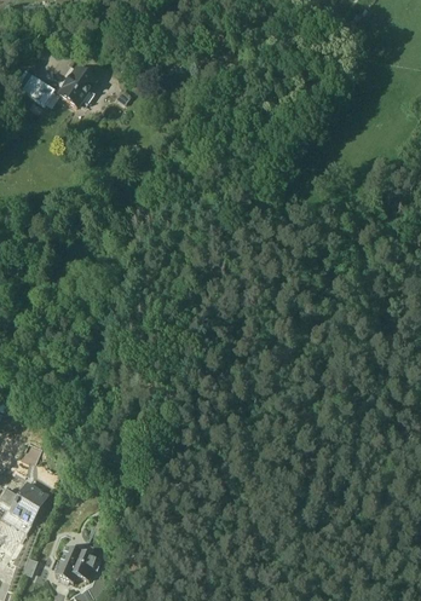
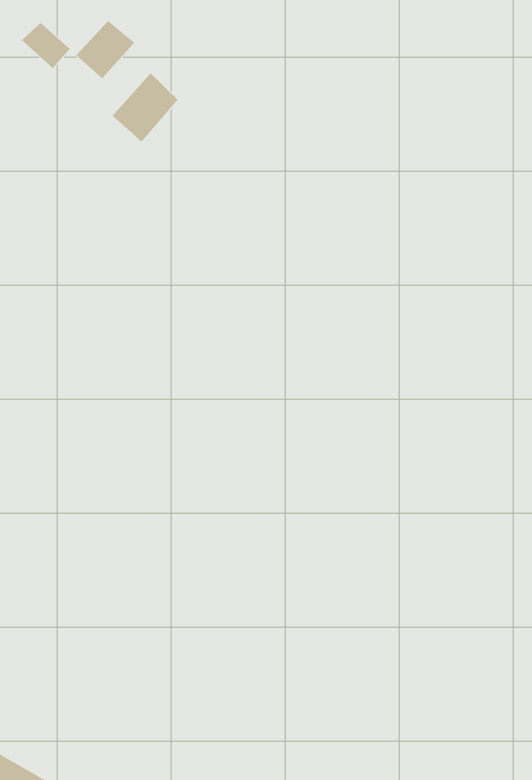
building: none -> [112,73,178,142]

